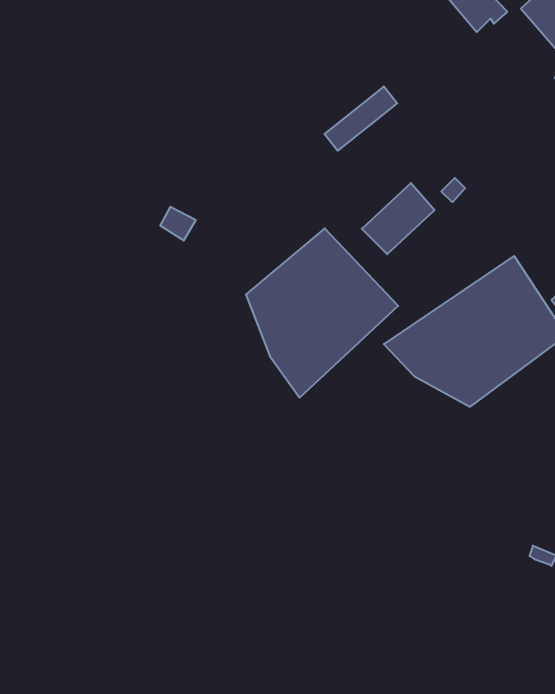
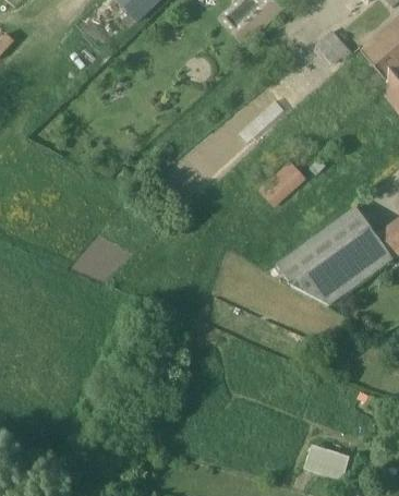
building: [246,228,398,398] -> none
building: none -> [304,444,350,480]

